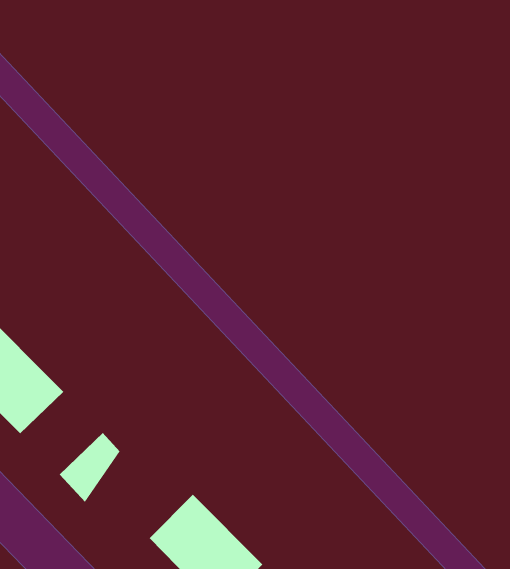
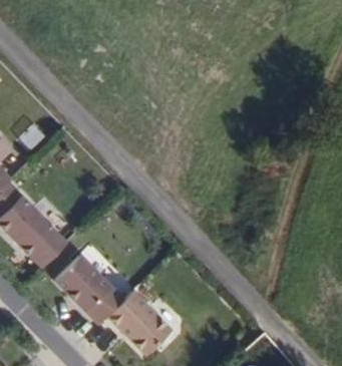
building: none -> [73,270,115,317]

